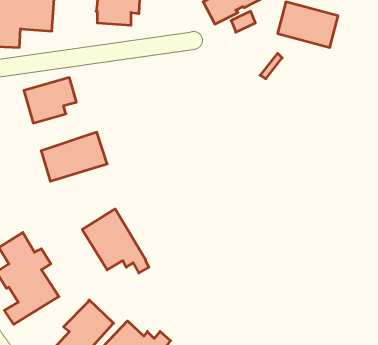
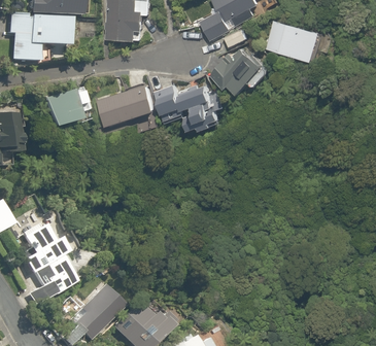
building: none -> [214,47,269,93]
building: none -> [159,83,225,130]
building: [41,132,107,181] -> [101,82,160,126]
building: [82,209,149,273] -> none

